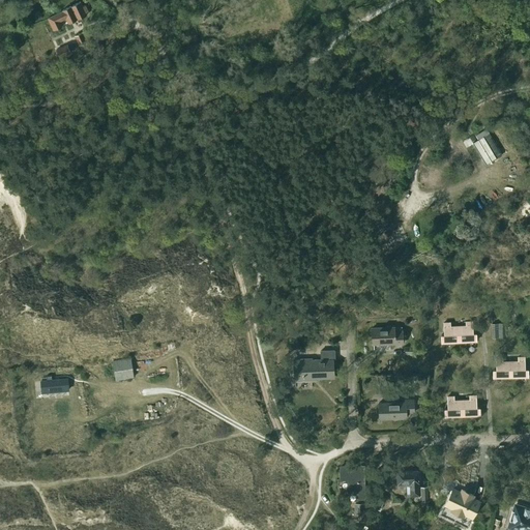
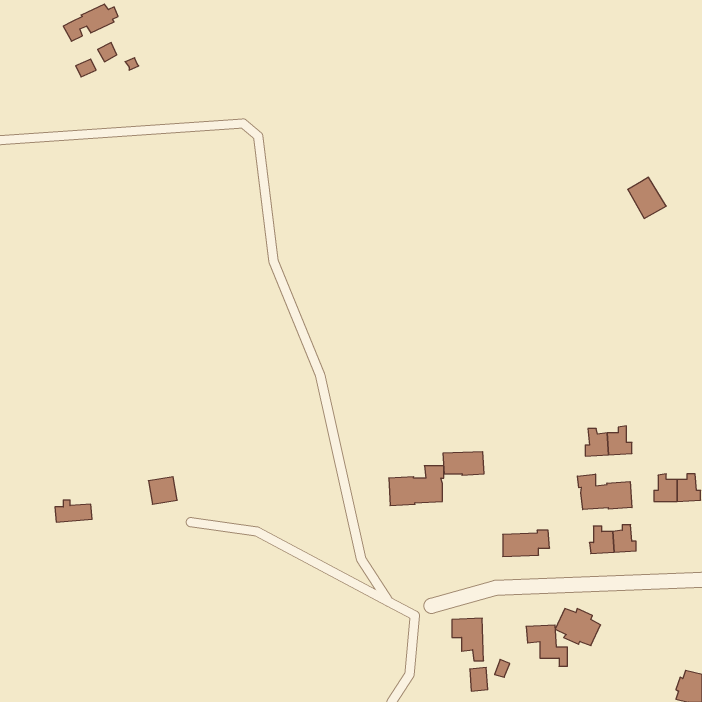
building: [372,327,403,345] -> [443,452,484,475]
building: none -> [577,474,632,510]
building: [445,490,479,518] -> [555,609,601,646]

